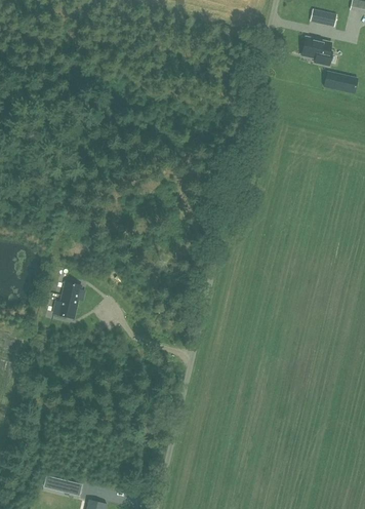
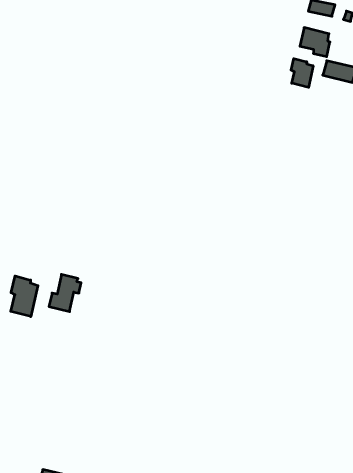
building: none -> [291,59,313,87]
building: none -> [11,276,38,317]

